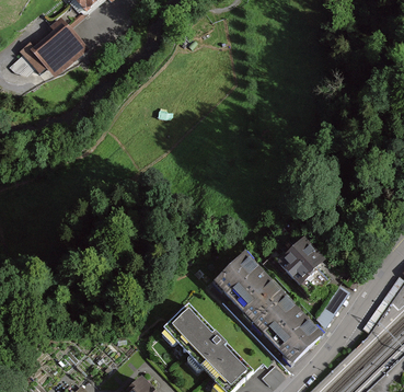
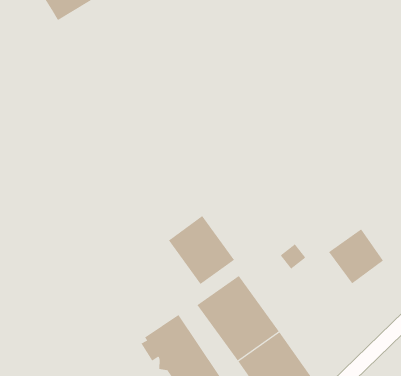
building: none -> [168,215,235,285]
building: [275,241,322,288] -> [328,229,384,284]

